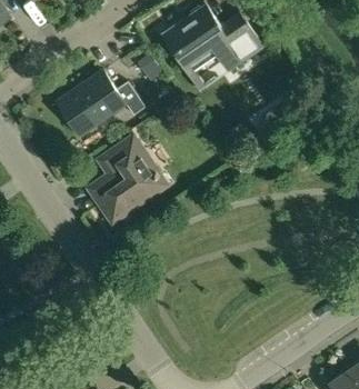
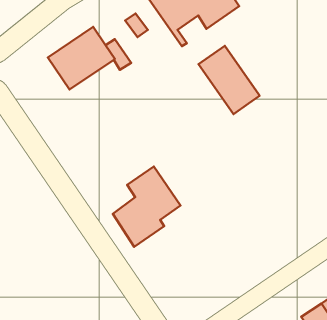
building: none -> [198,46,260,114]
building: [88,138,161,225] -> [113,166,181,247]

